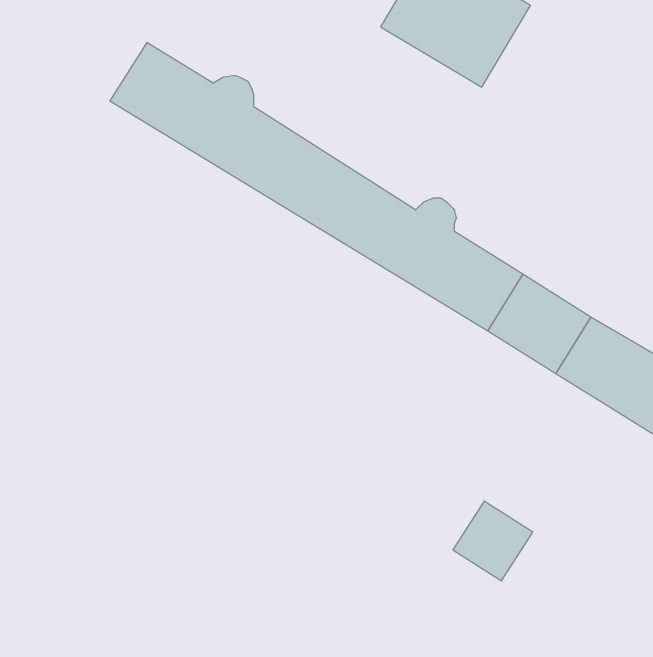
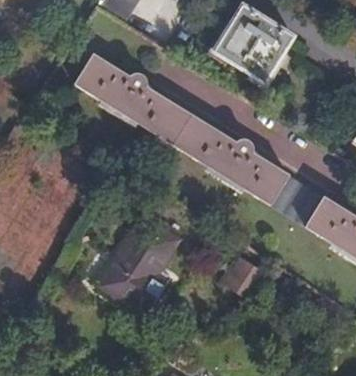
building: none -> [101,213,179,312]
building: [453,501,533,581] -> [222,257,263,298]

